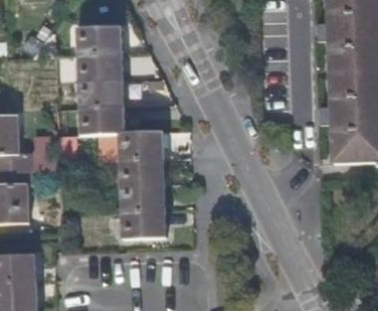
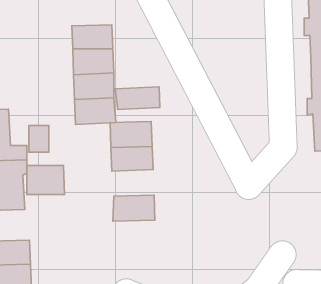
building: none -> [115,87,160,109]
building: none -> [27,166,65,195]
building: [121,181,165,209] -> none

